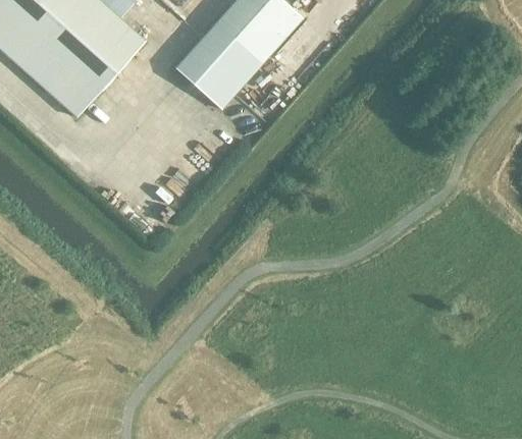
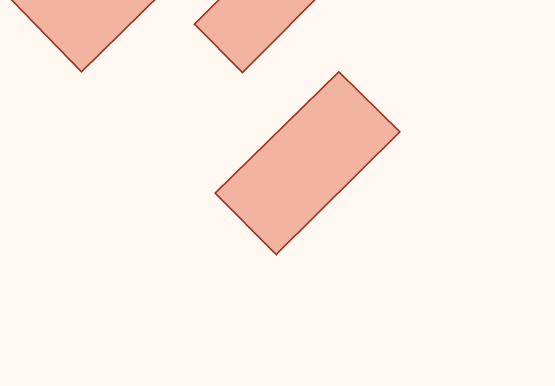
building: none -> [215,72,400,255]

